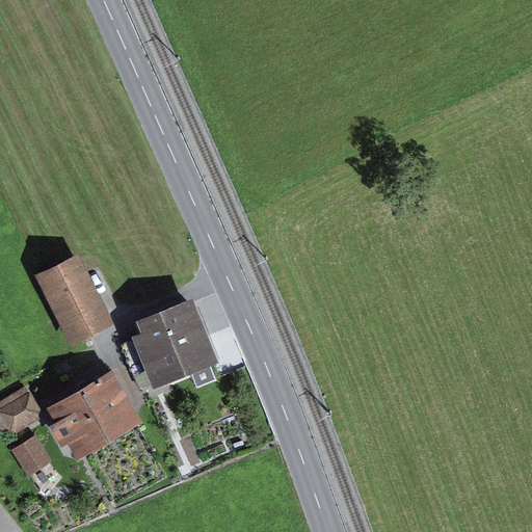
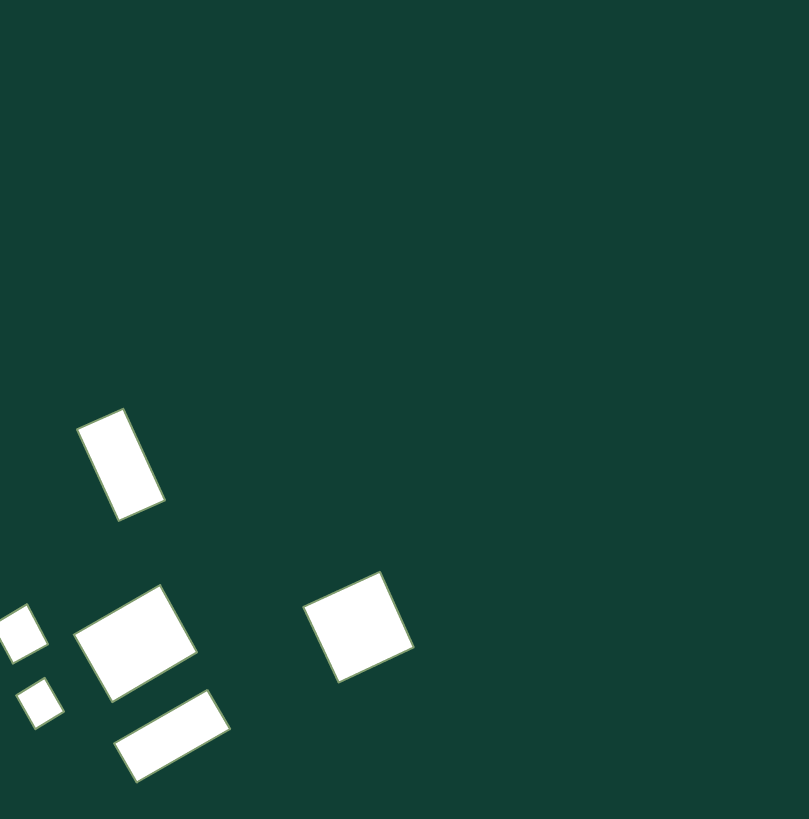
building: [143,309,215,380] -> [303,572,414,682]
building: none -> [114,690,230,783]

